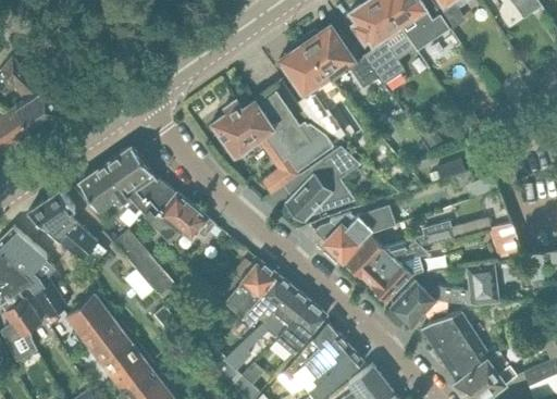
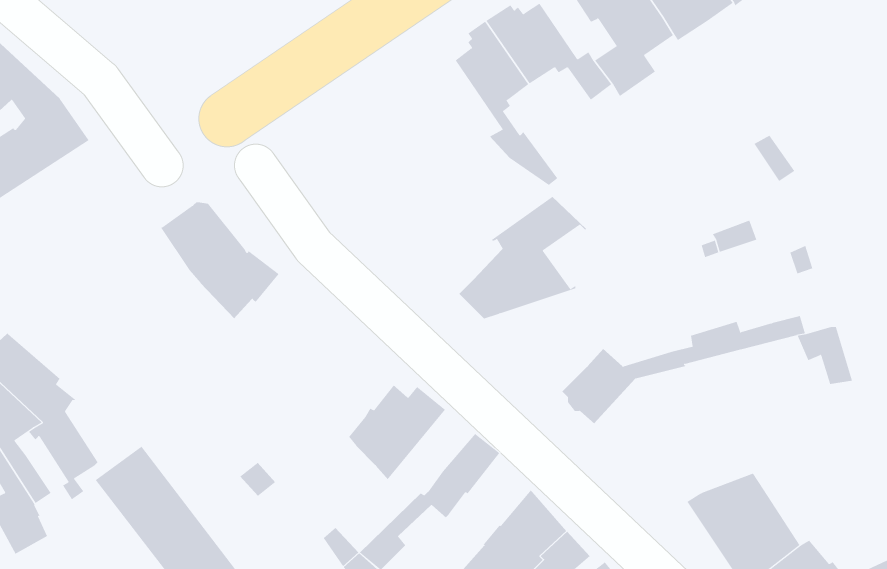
building: [211,92,334,196] -> none
building: [78,164,128,210] -> none
building: [27,189,97,260] -> none
building: [149,192,214,245] -> none
building: [313,205,396,261] -> none
building: [113,229,177,299] -> none
building: [366,248,428,302] -> none
building: [391,263,498,326] -> none
building: [242,274,294,324] -> none
building: [276,300,326,354] -> none

